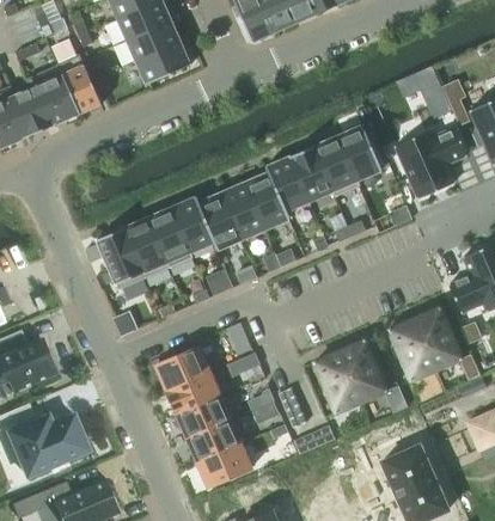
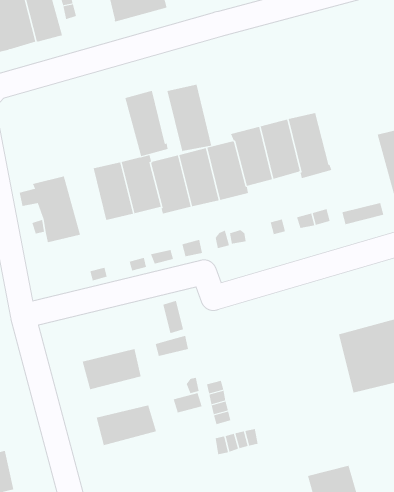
building: [337,124,381,179] -> none
building: none -> [167,84,212,152]
building: [123,216,170,277] -> [124,90,169,157]
building: [314,339,386,411] -> none
building: [154,345,210,390] -> none
building: [176,394,231,437] -> none
building: [196,441,252,485] -> none

